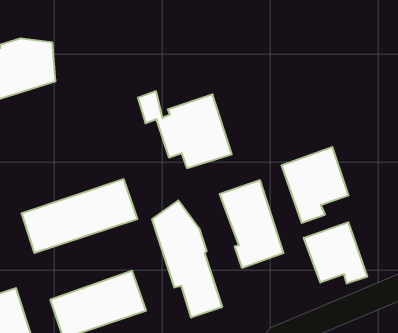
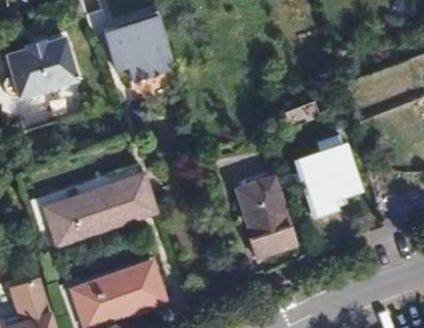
building: [138,91,232,168] -> [87,7,177,81]
building: [152,200,222,318] -> none
building: [304,222,367,284] -> none

